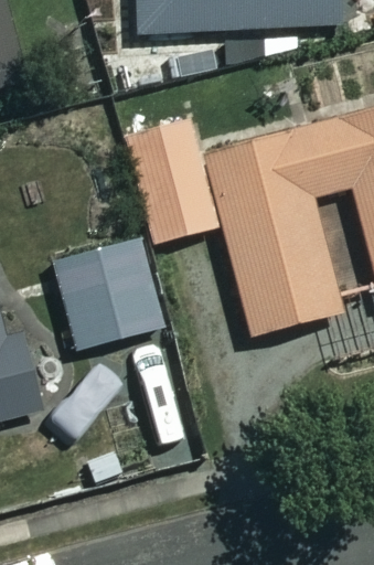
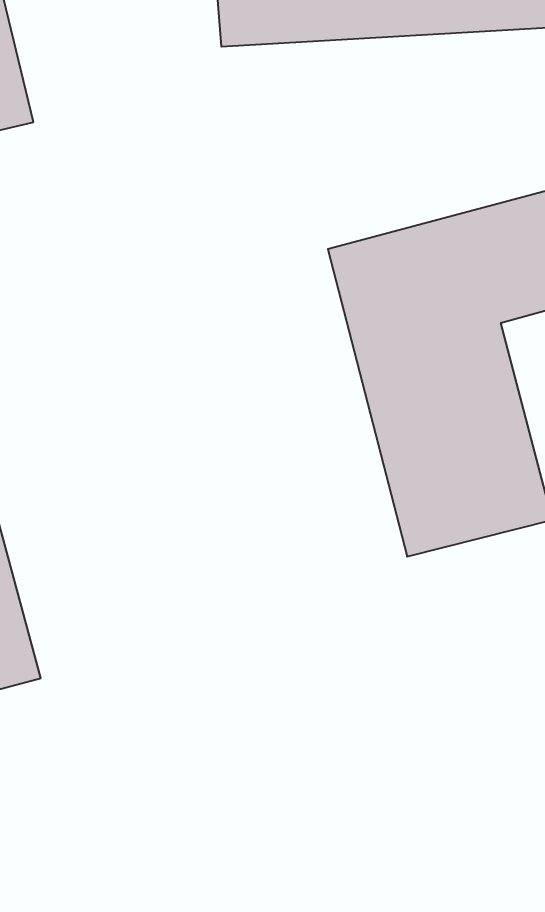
building: [125,122,212,243] -> none
building: [56,242,160,348] -> none

